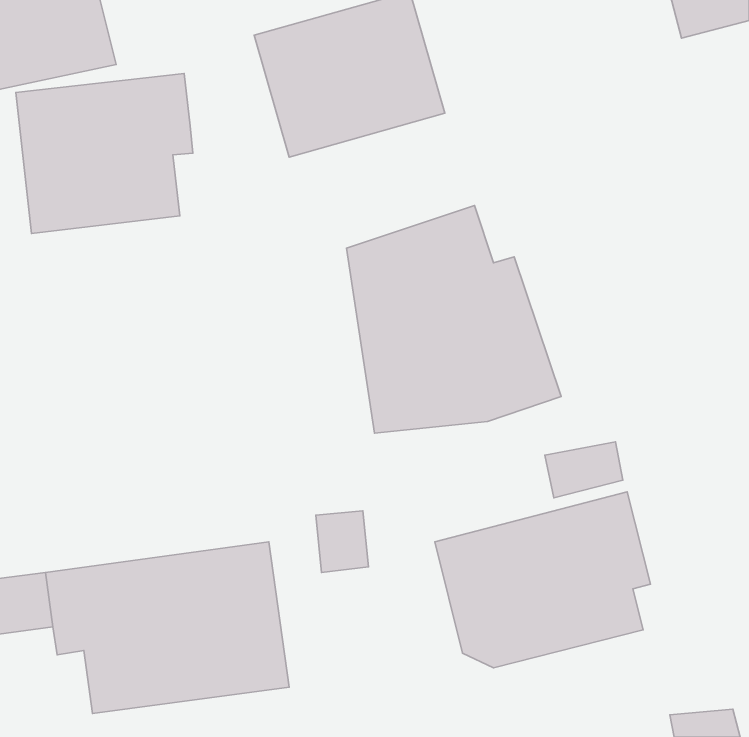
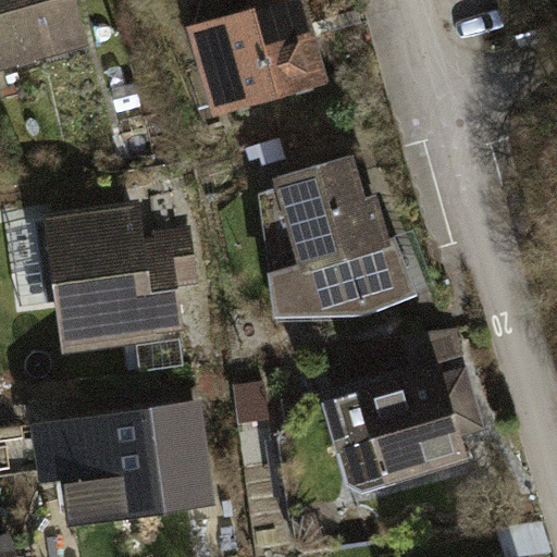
building: [16,73,193,234] -> none
building: none -> [11,199,200,348]

